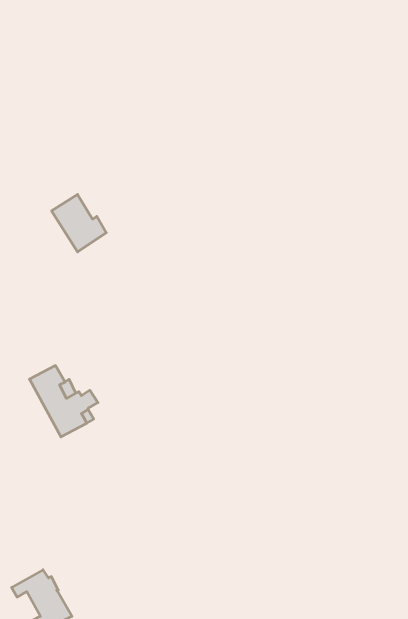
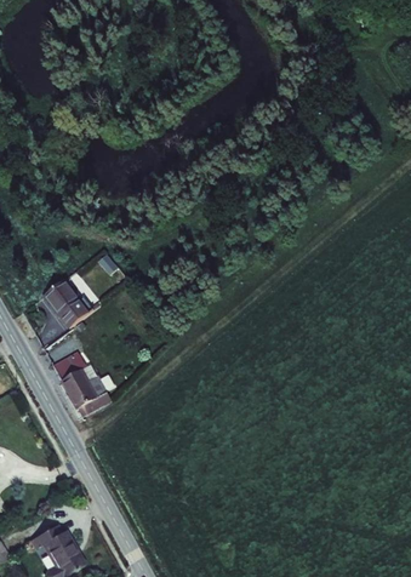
building: [52,194,106,252] -> [40,275,89,326]

